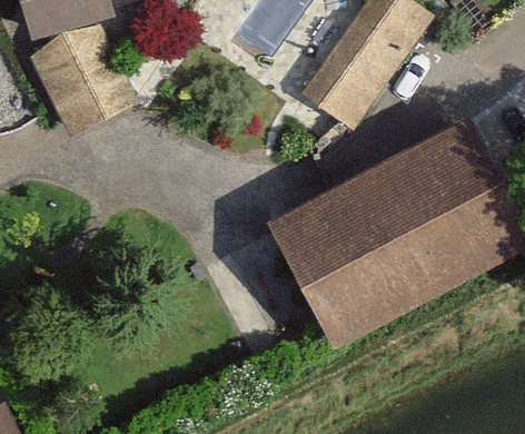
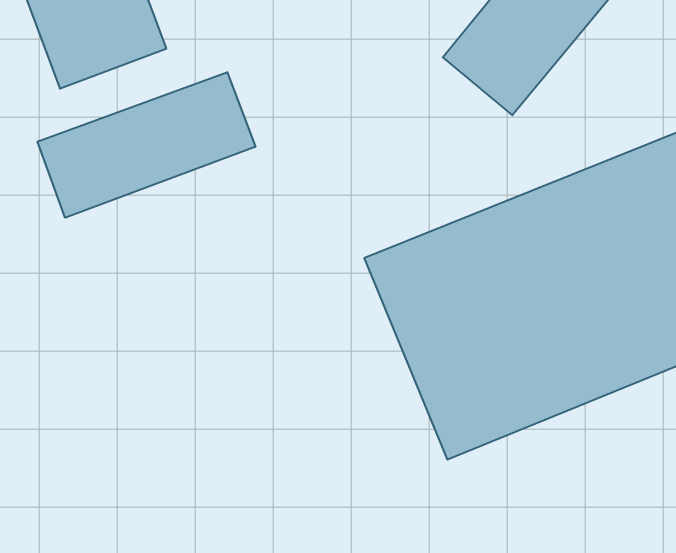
building: none -> [38,72,255,218]

